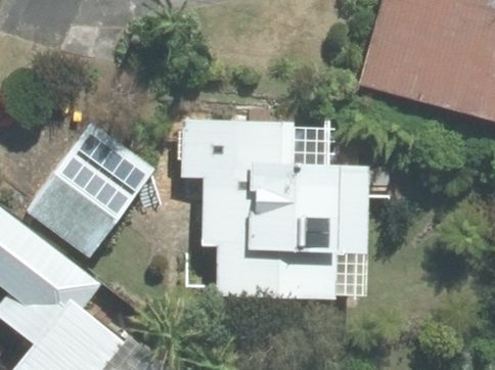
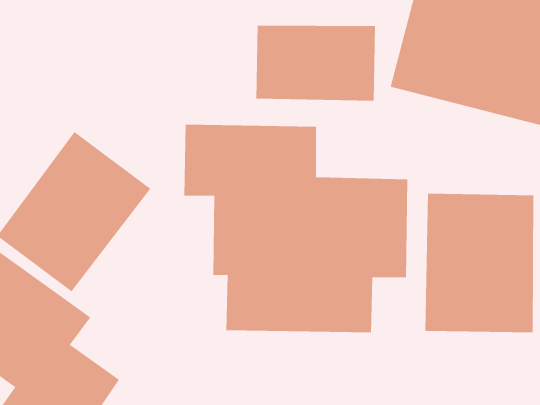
building: none -> [256,25,376,101]
building: none -> [425,193,534,333]

